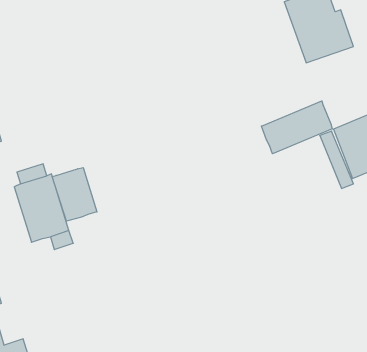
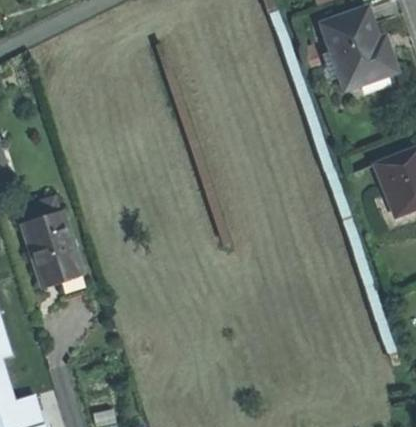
building: [261,101,332,154] -> none
building: [52,168,97,221] -> none

